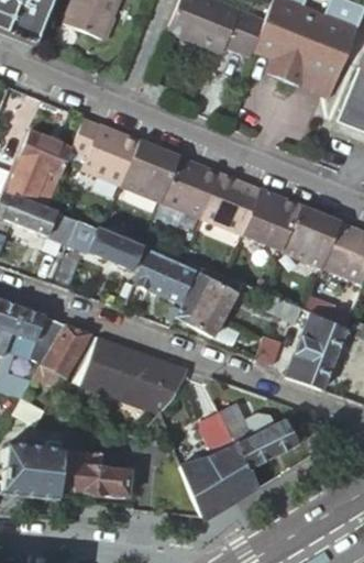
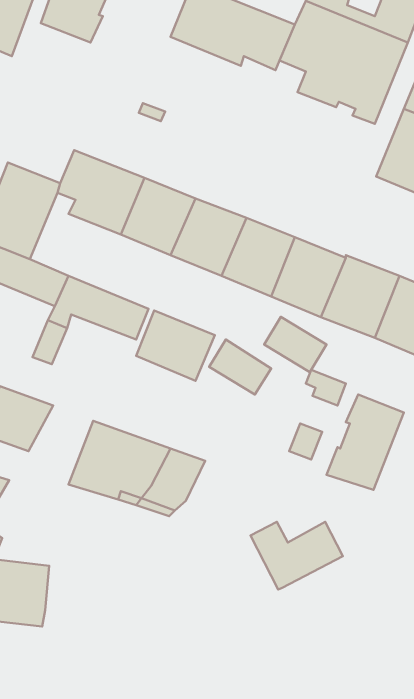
building: [178,292,228,336] -> [264,317,326,372]
building: [47,323,91,367] -> none
building: [183,413,260,517] -> none
building: [60,451,131,498] -> none

